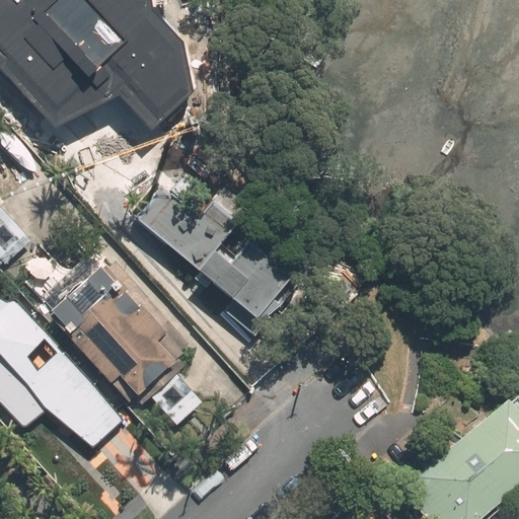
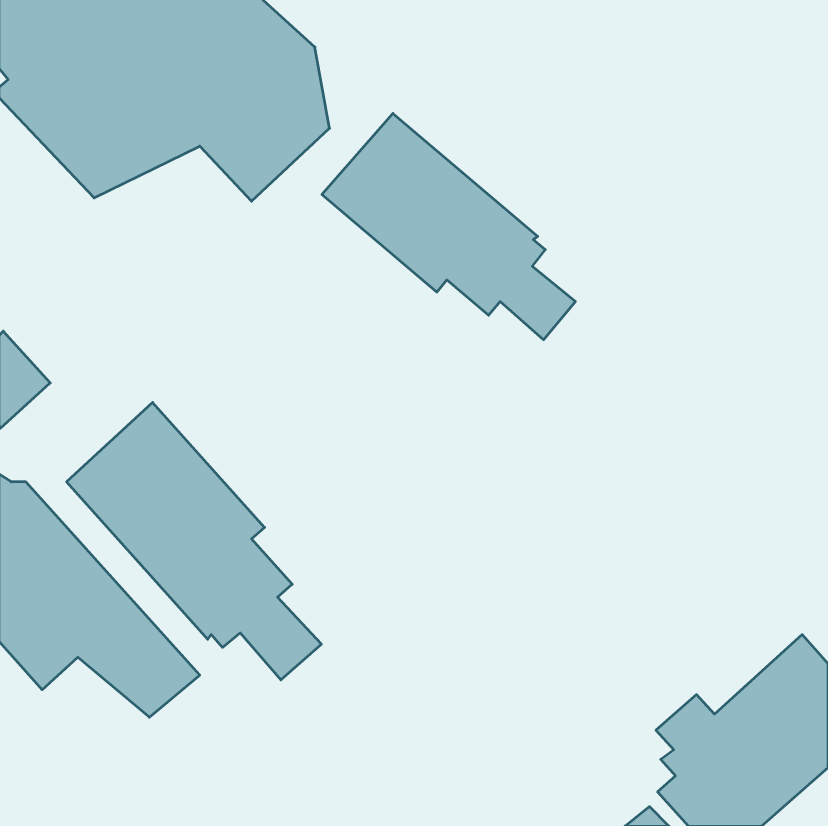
building: none -> [322,113,575,340]
building: [132,184,302,332] -> none

